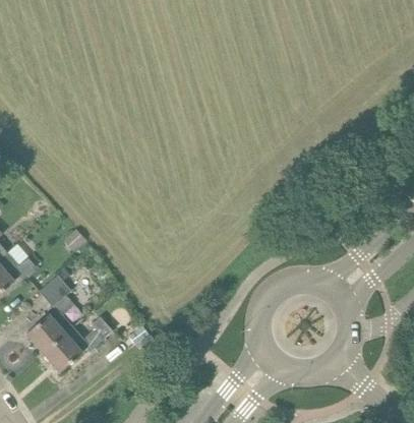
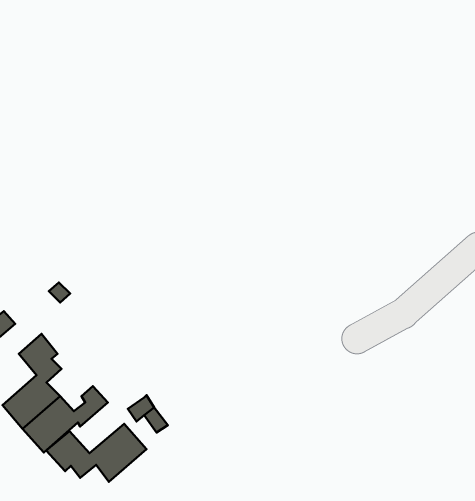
building: none -> [46,424,147,482]

